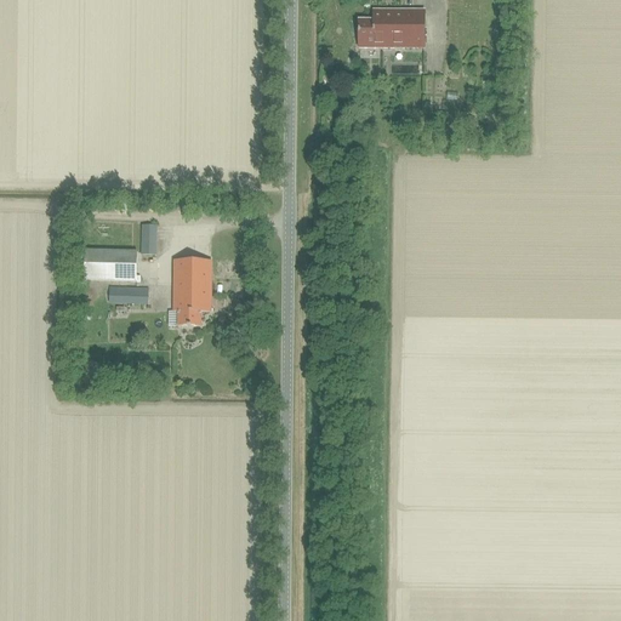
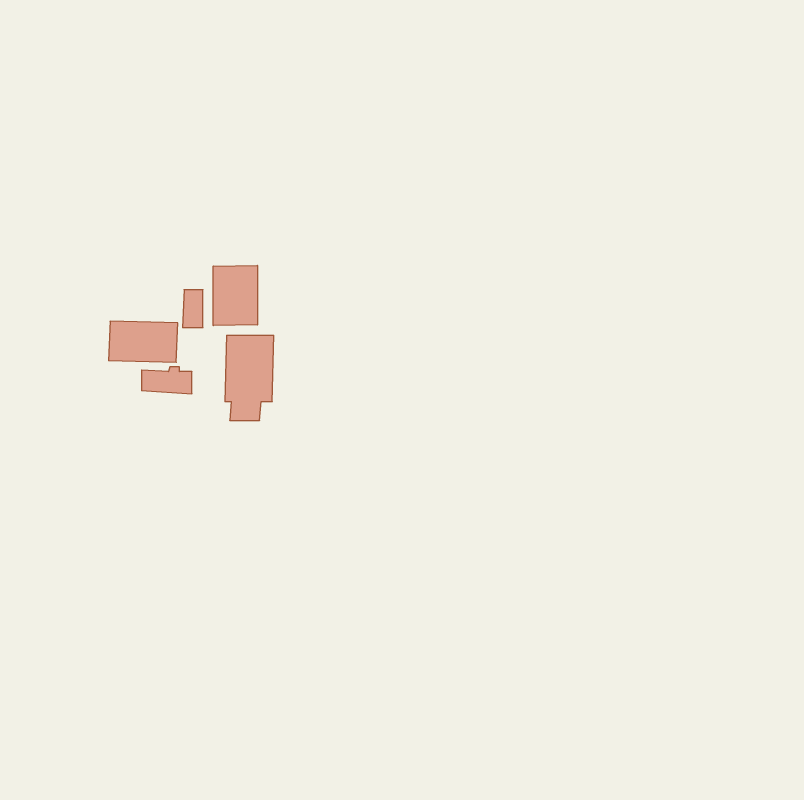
building: [359,8,425,46] -> none
building: none -> [213,265,257,326]

